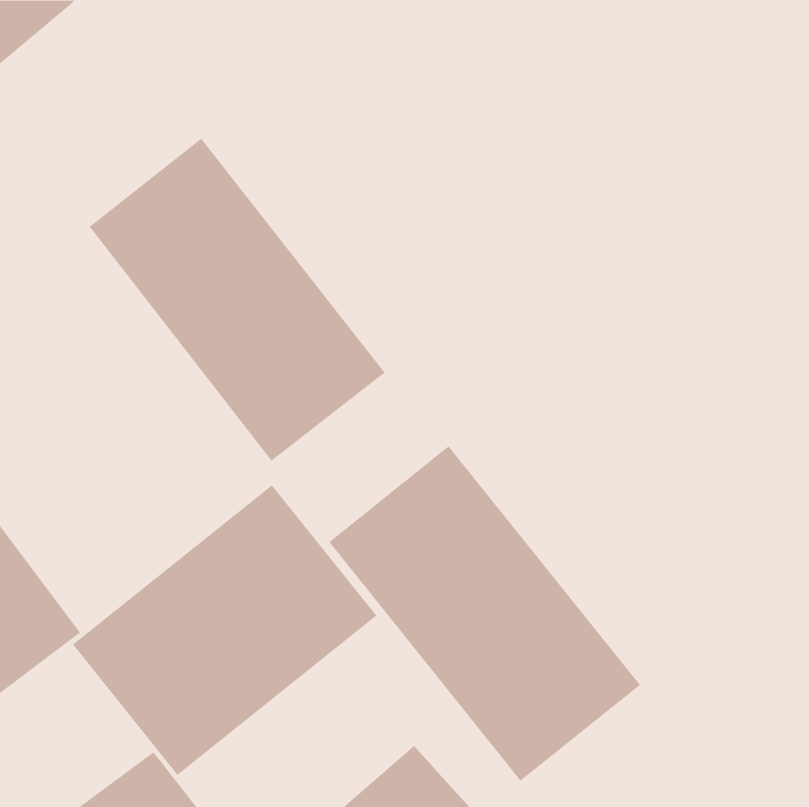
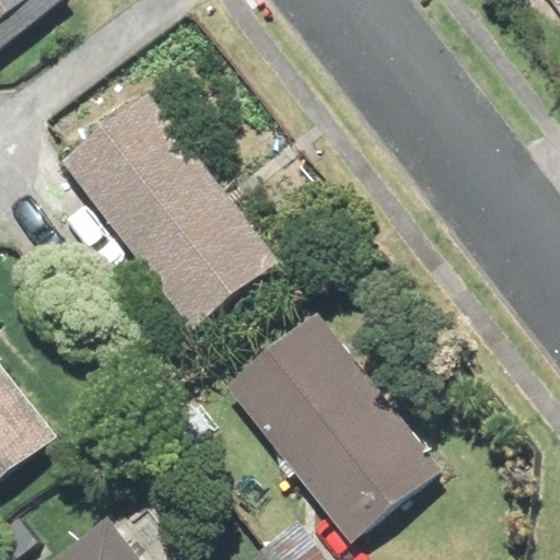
building: [72,484,377,776] -> none

